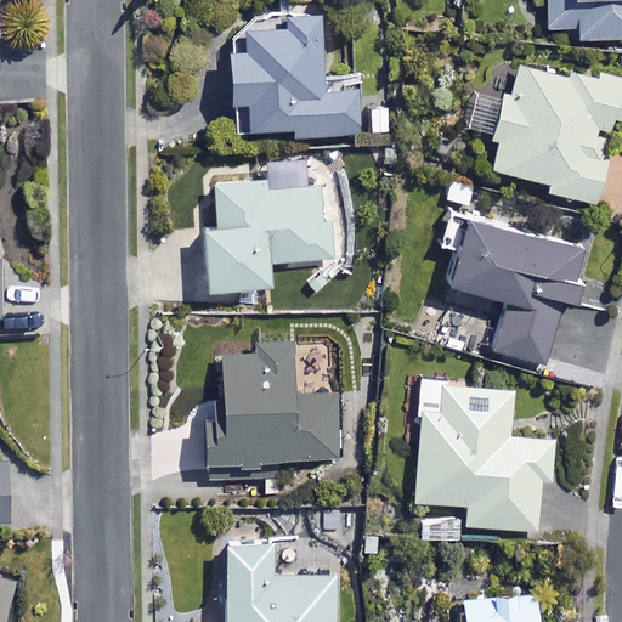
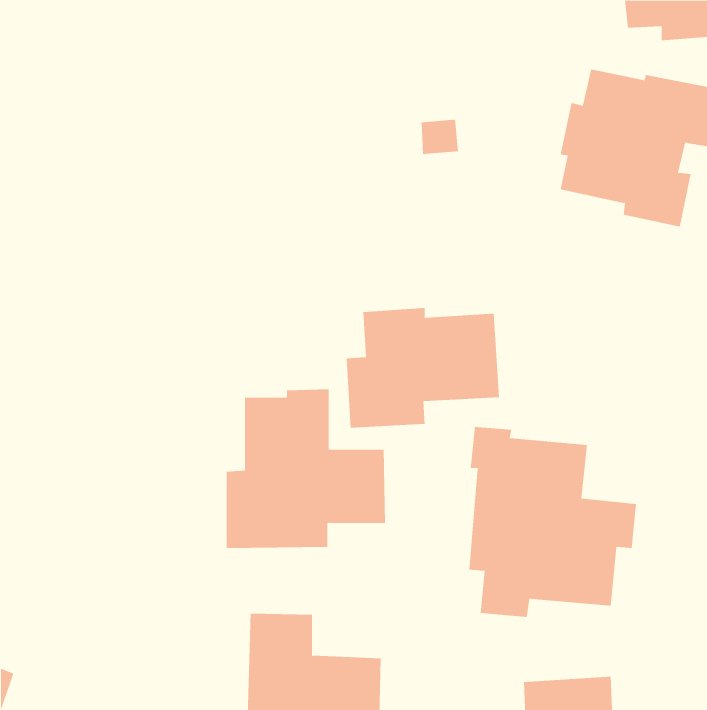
building: [224,11,361,138] -> none
building: [200,181,334,285] -> [346,308,500,428]
building: [441,216,581,366] -> none

